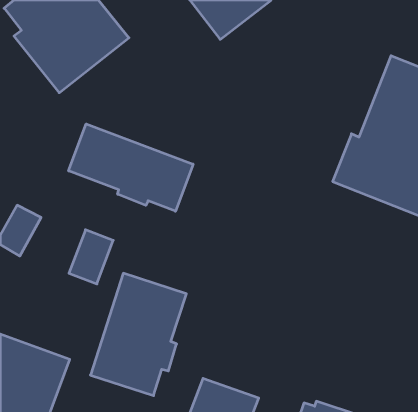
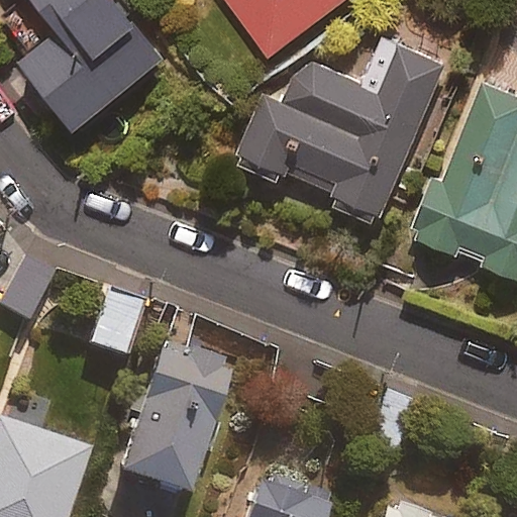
building: none -> [238,43,445,217]
building: [69,124,193,211] -> none

